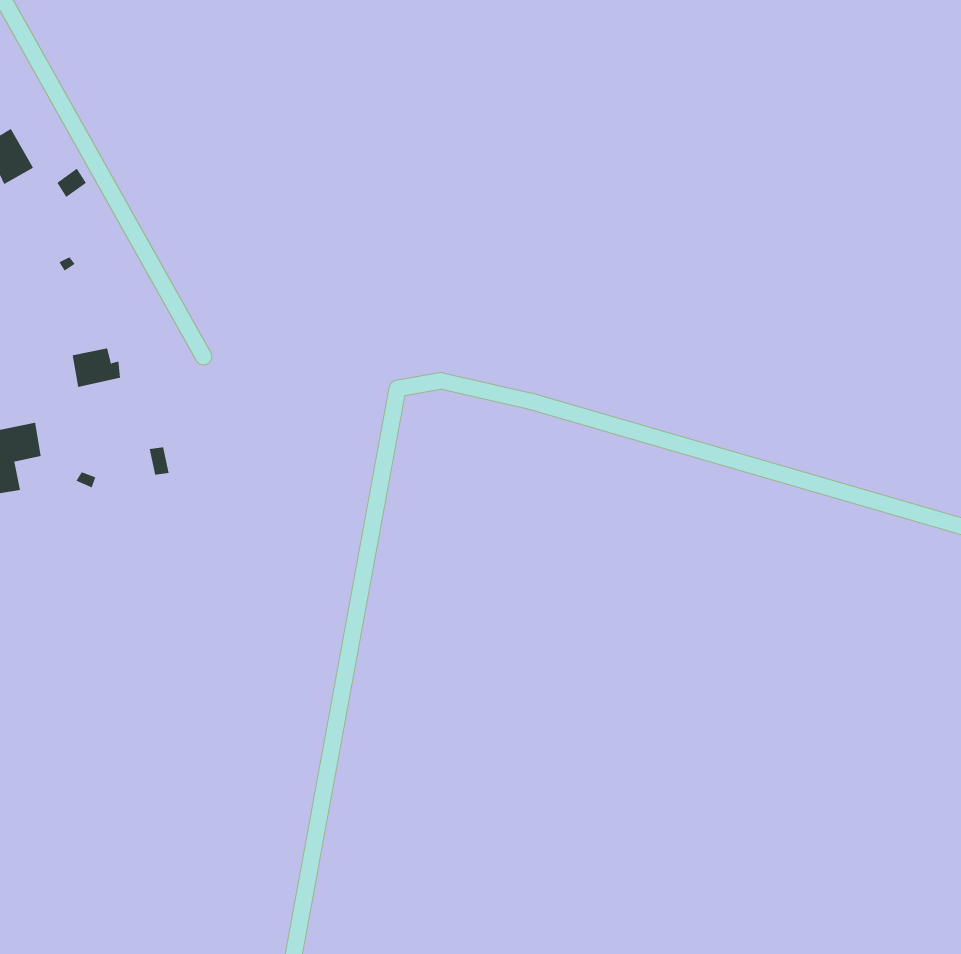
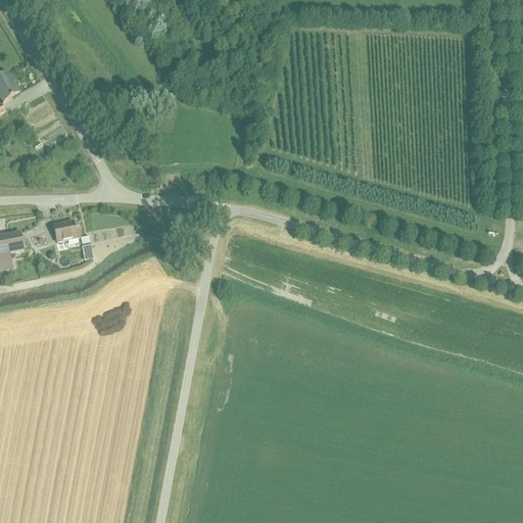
building: [72,348,121,387] -> [52,219,79,240]

